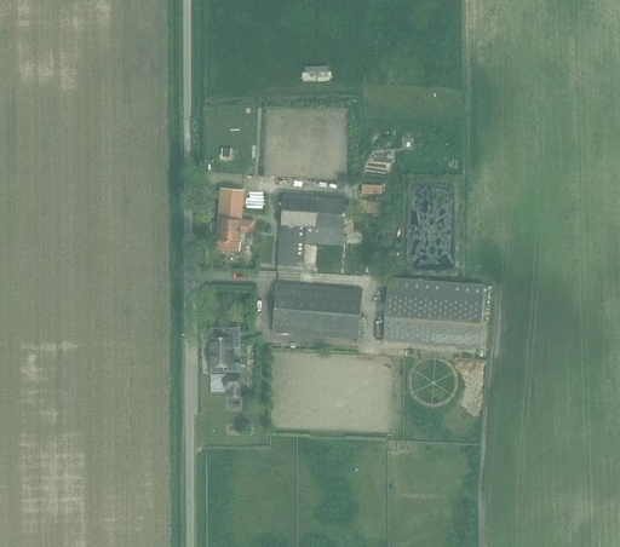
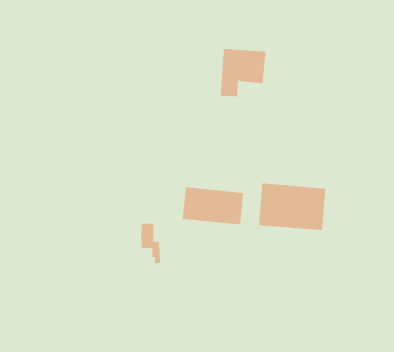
building: [217,188,253,240] -> none
building: [277,194,346,266] -> [220,48,267,97]

